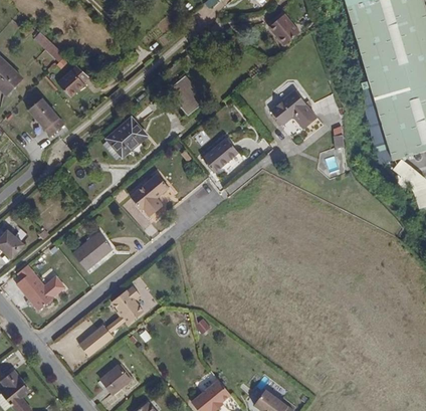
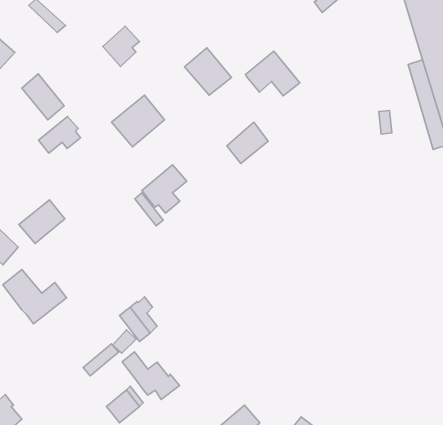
building: [56,63,87,97] -> [103,26,139,66]
building: [266,93,312,132] -> [246,51,300,96]
building: none -> [38,117,81,153]
building: [72,231,112,268] -> [19,200,65,243]
building: none -> [122,352,180,399]

